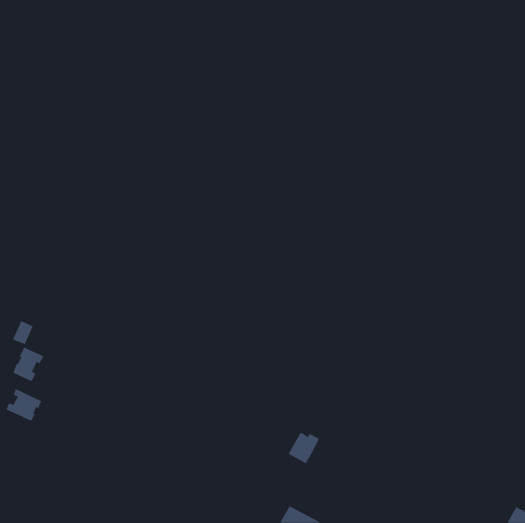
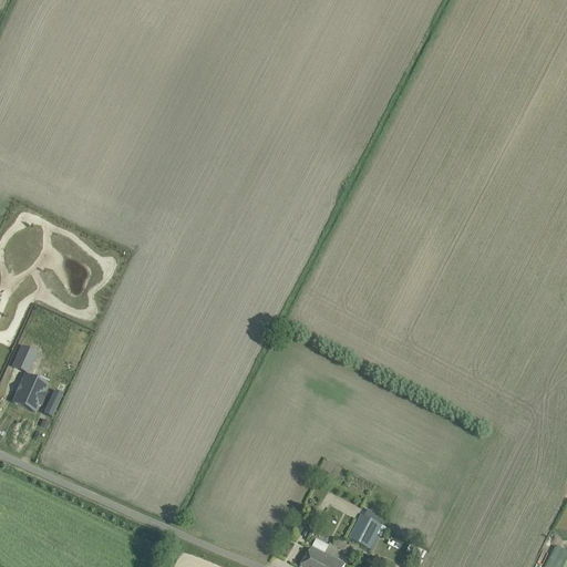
building: [6,388,42,422] -> none
building: [288,432,320,464] -> [350,513,384,547]

